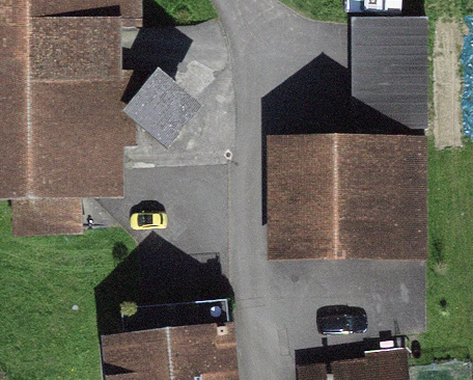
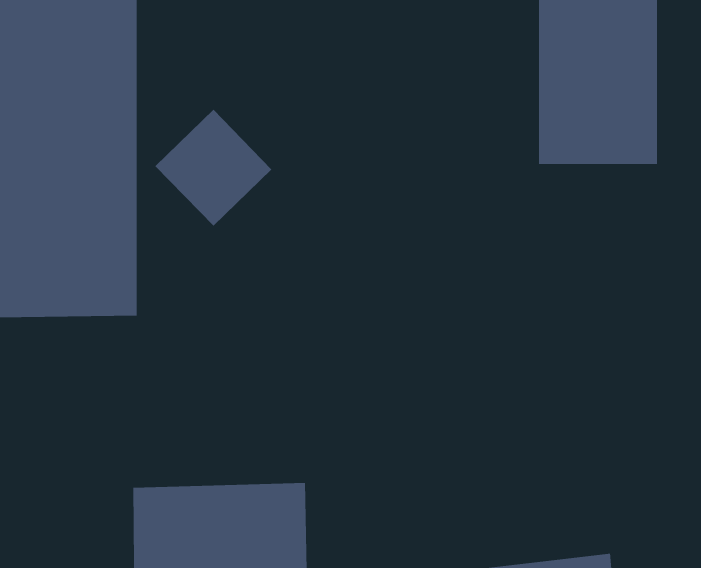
building: [301,137,411,247] -> none

